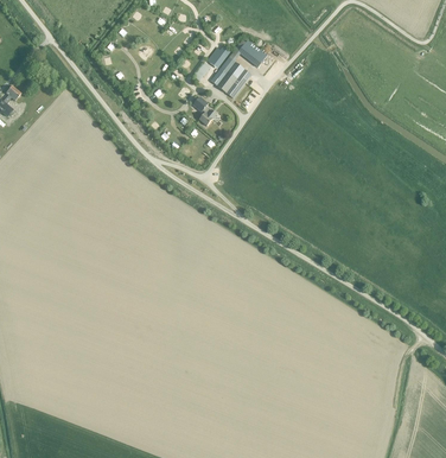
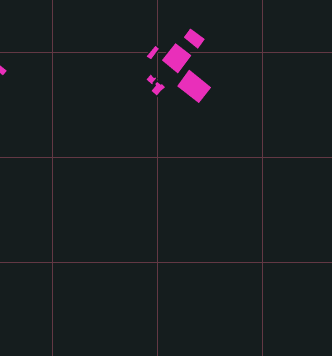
building: none -> [176,69,212,104]

